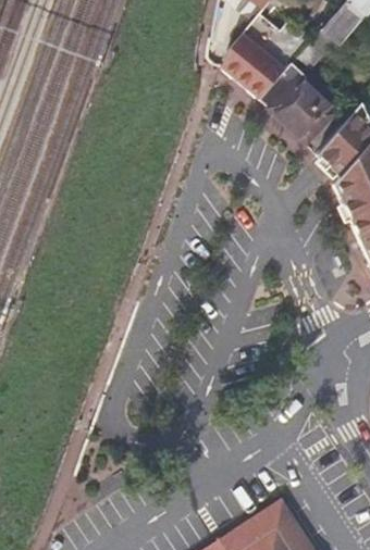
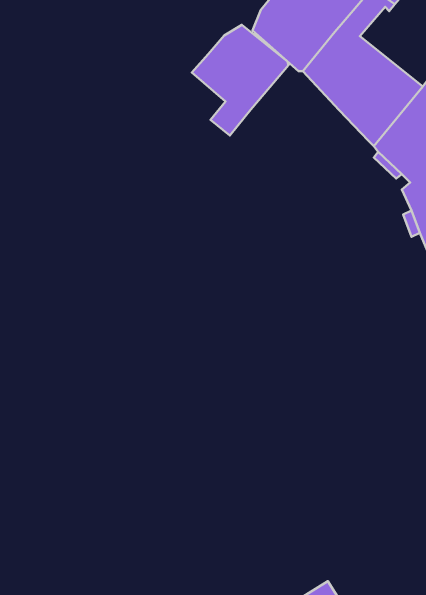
building: none -> [192,25,288,135]

